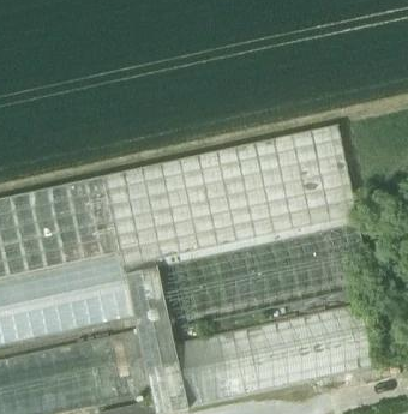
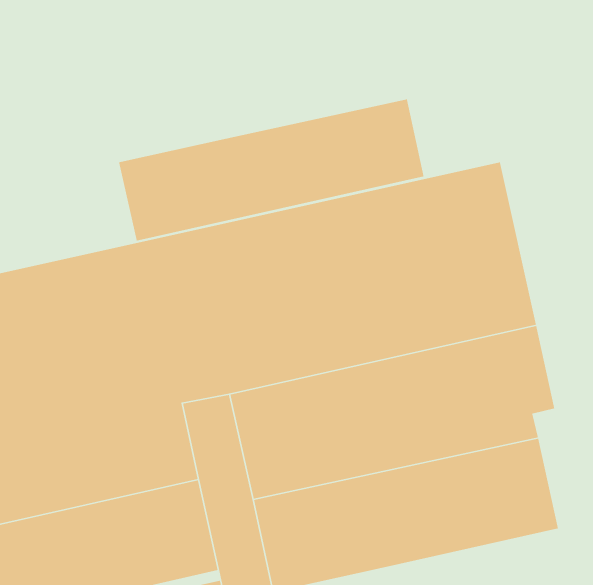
building: none -> [118,99,425,242]

